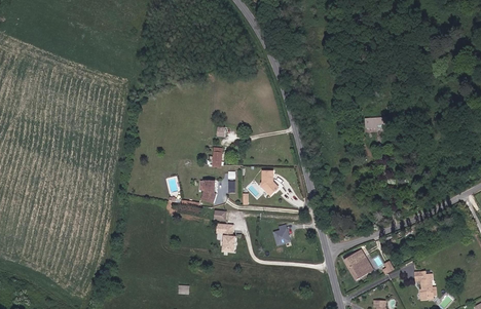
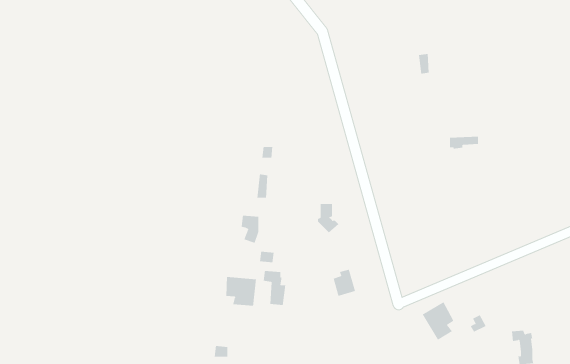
building: none -> [226,276,256,307]

